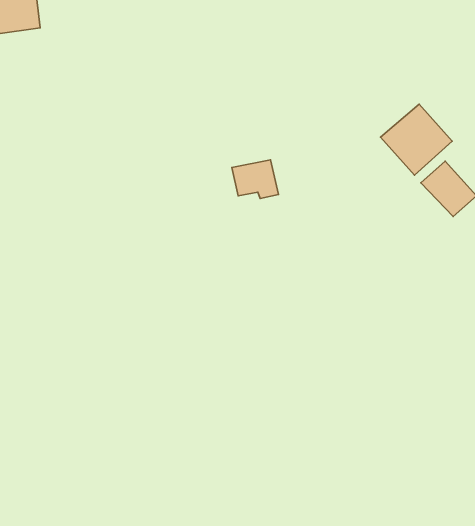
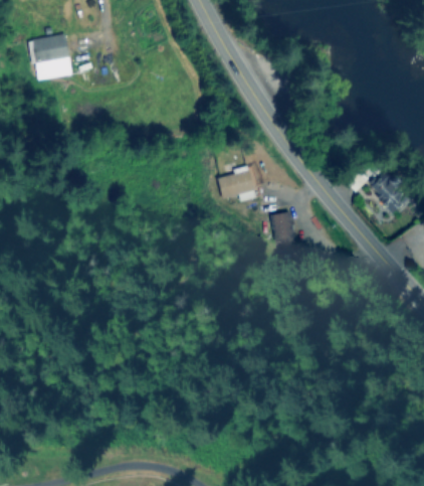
building: [381,104,452,175] -> none
building: none -> [270,211,297,250]

